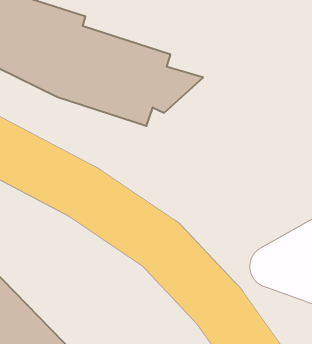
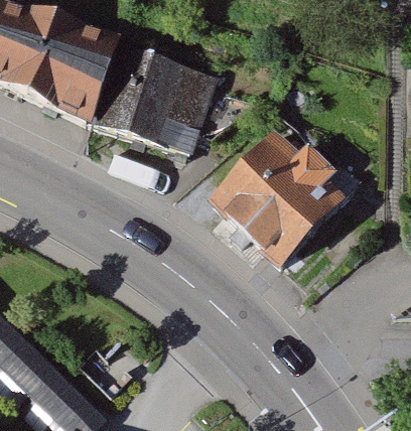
building: none -> [207,126,359,265]

